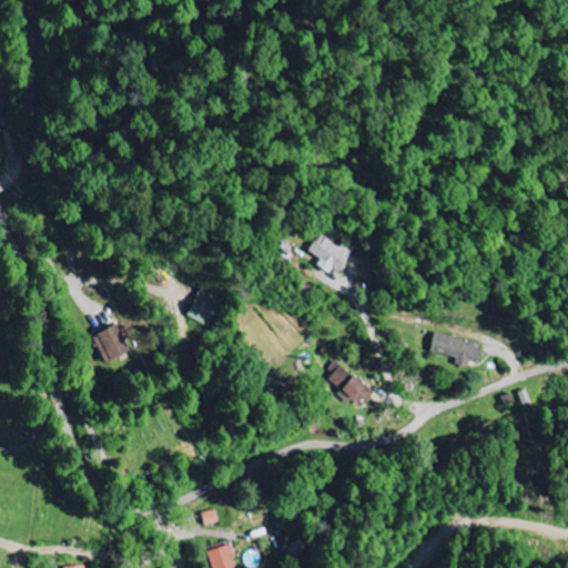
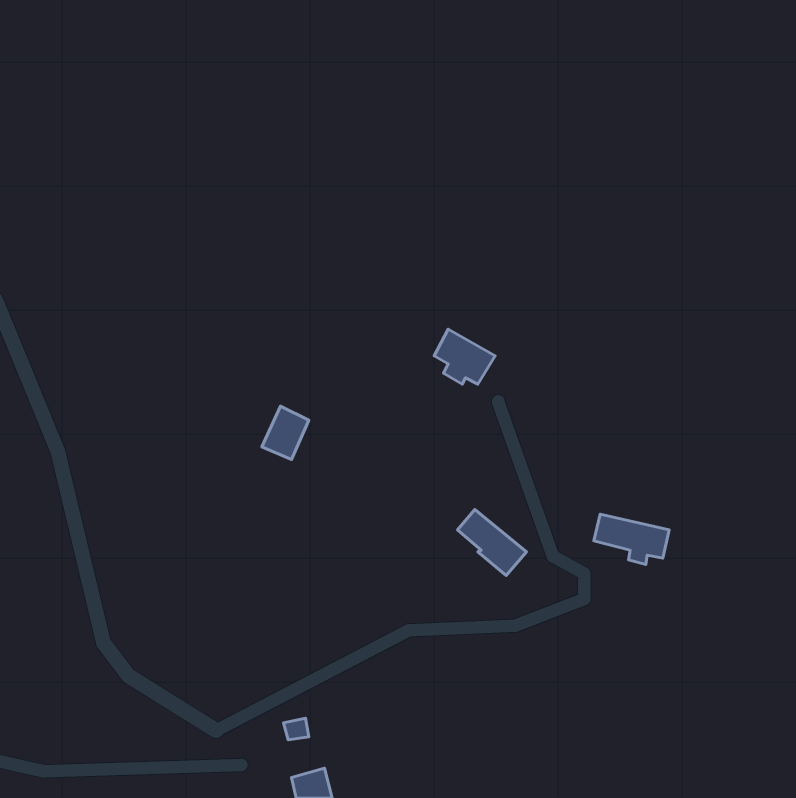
building: [93,324,132,364] -> none
building: [430,331,484,366] -> [594,514,669,564]

